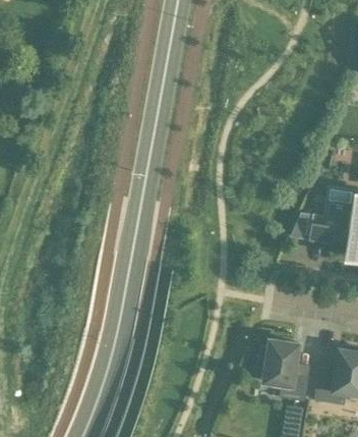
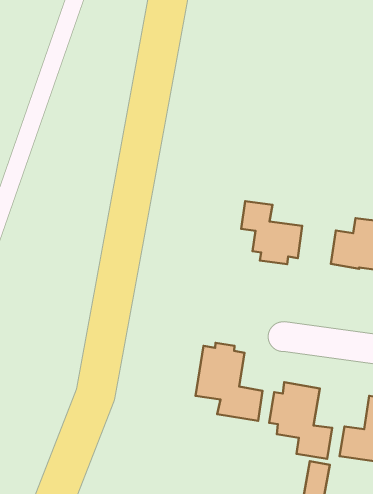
building: none -> [241,201,302,264]
building: none -> [195,343,262,421]

